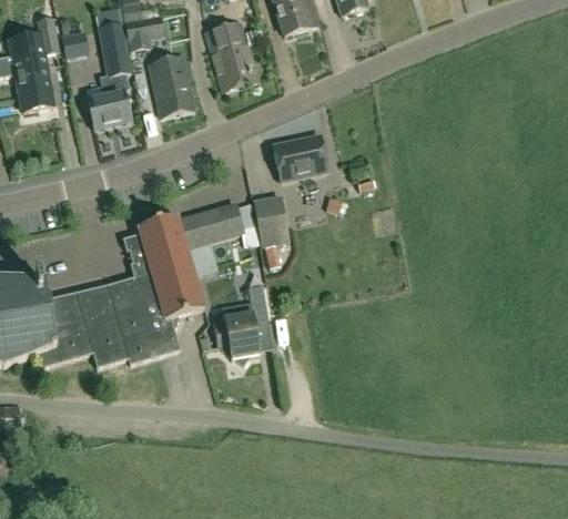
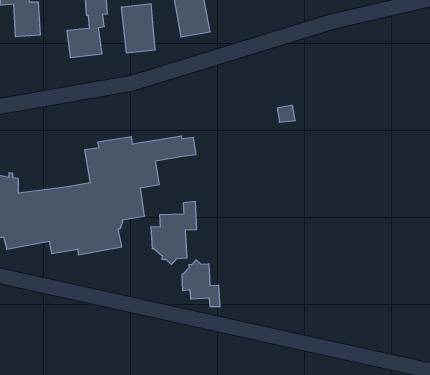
building: [275,134,329,182] -> none
building: [252,191,288,265] -> none
building: none -> [182,260,220,307]

